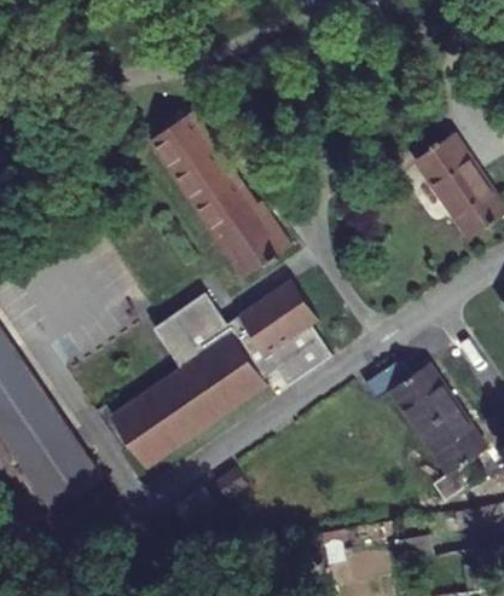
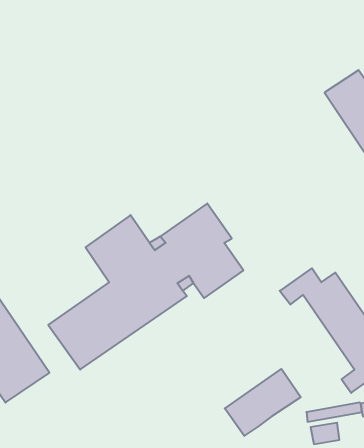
building: [153,111,292,274] -> none
building: none -> [225,369,301,436]

